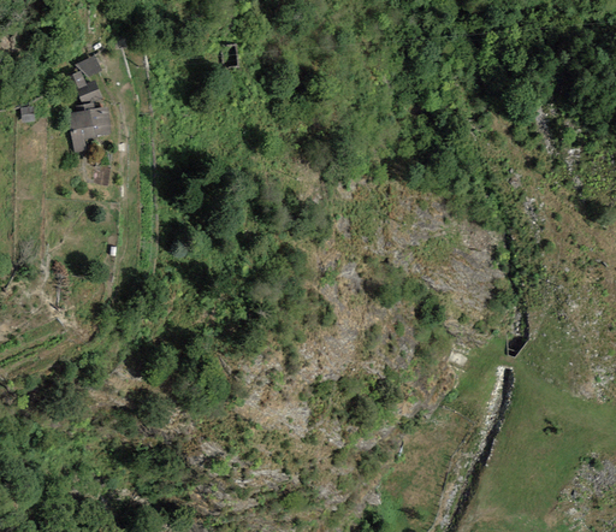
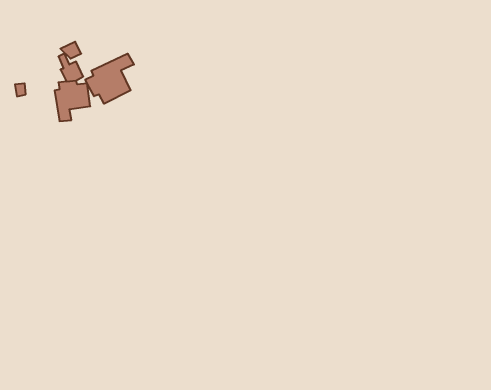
building: none -> [85,54,134,104]

